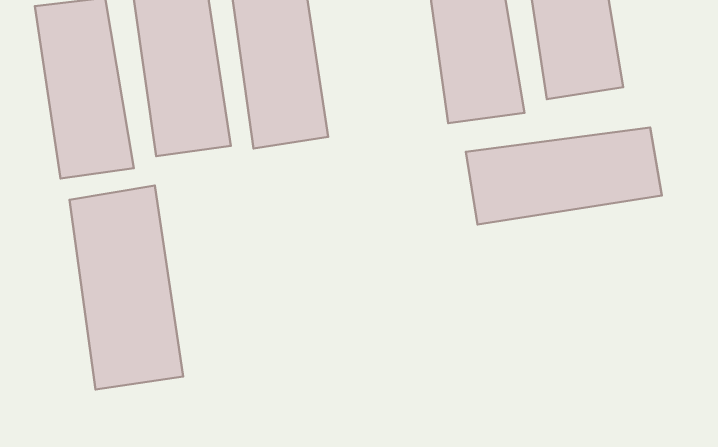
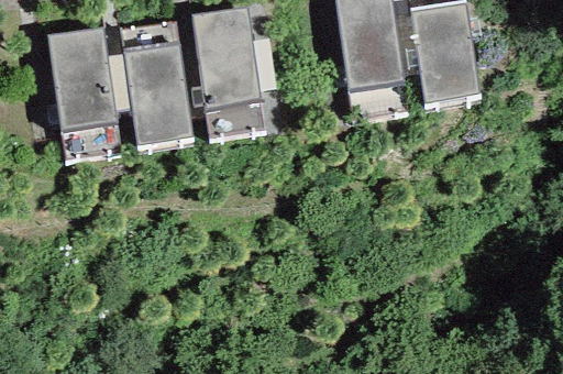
building: [466,128,662,225] -> none
building: [70,185,183,390] -> none

